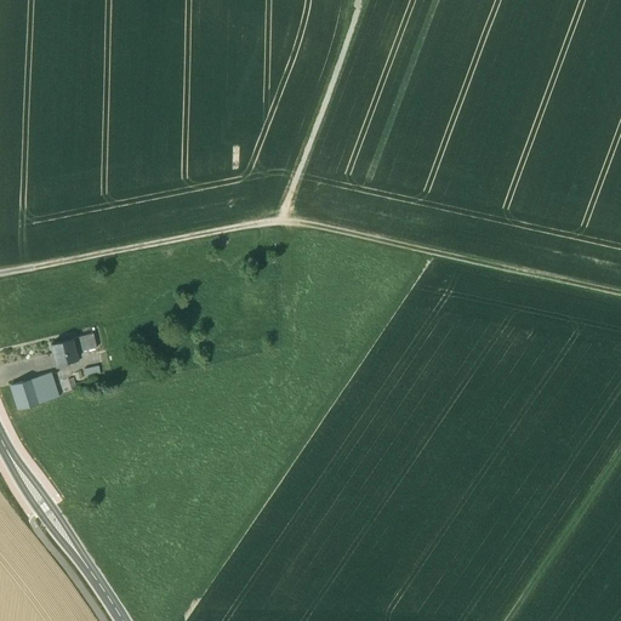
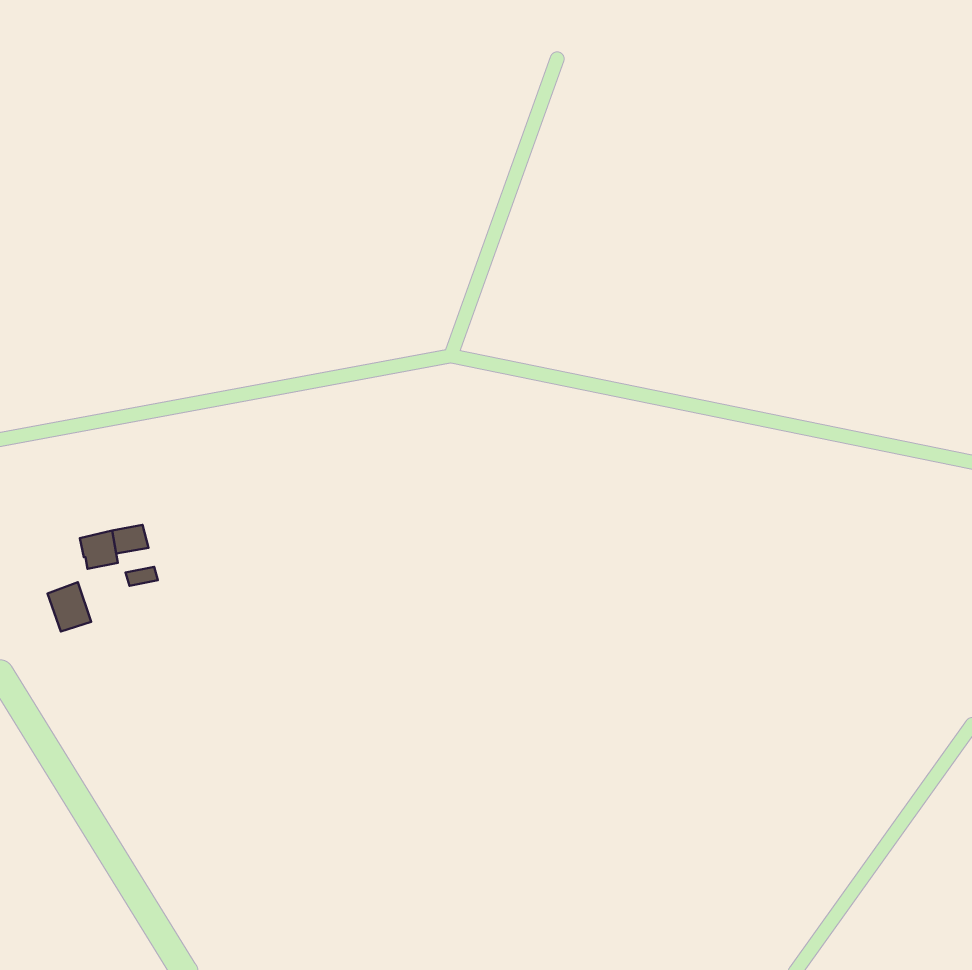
building: [11,380,39,410] -> none

